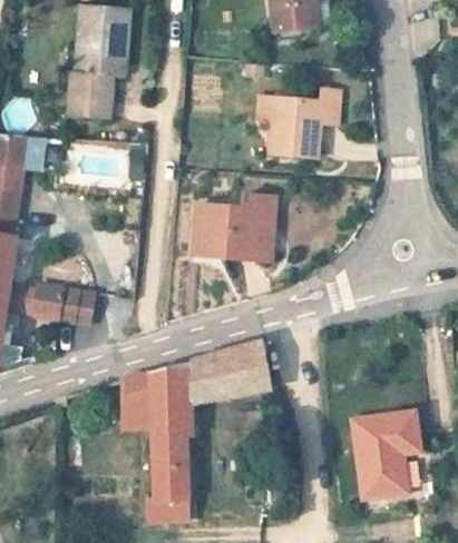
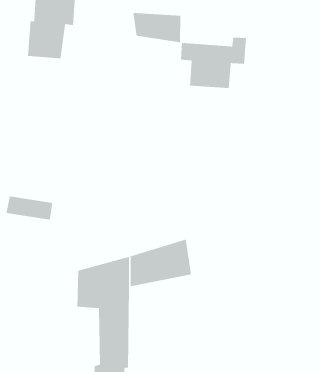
building: none -> [133,12,181,43]
building: [192,195,274,260] -> none
building: [354,413,418,497] -> none

